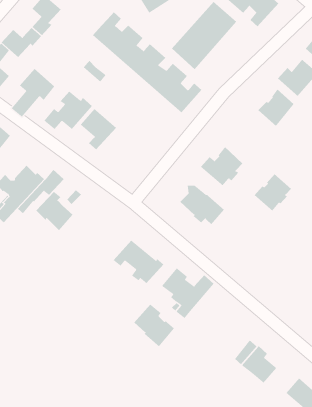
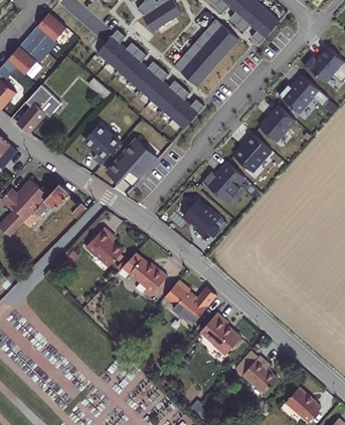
building: [44,91,93,130] -> [108,143,156,181]
building: [254,173,292,211] -> [233,134,271,171]
building: [35,191,73,231] -> [85,227,123,266]
building: [134,304,175,347] -> [200,312,240,355]

